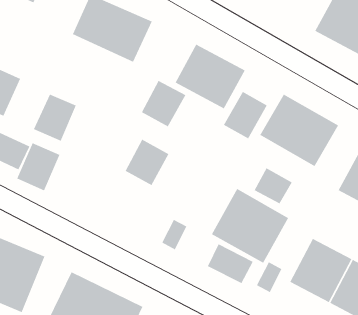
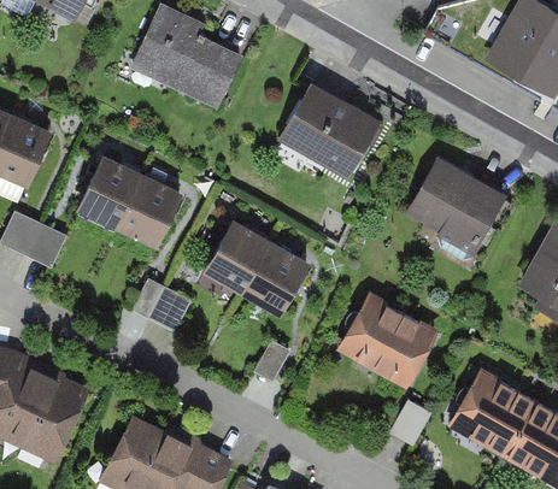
building: [141,80,187,127] -> [246,242,312,311]
building: [223,91,268,139] -> none
building: [16,142,60,191] -> [114,172,178,243]
building: [253,167,293,204] -> none
building: none -> [135,277,189,326]
building: [207,243,254,284] -> none

